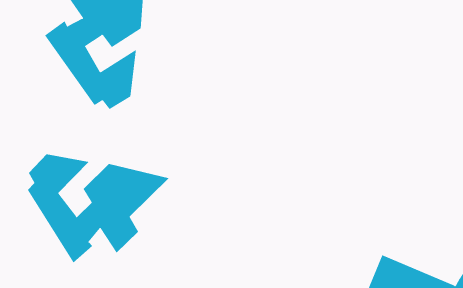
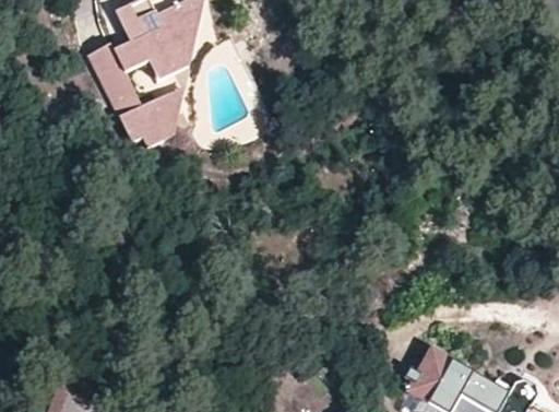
building: [27,154,170,264] -> none

